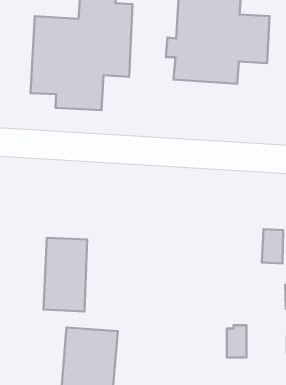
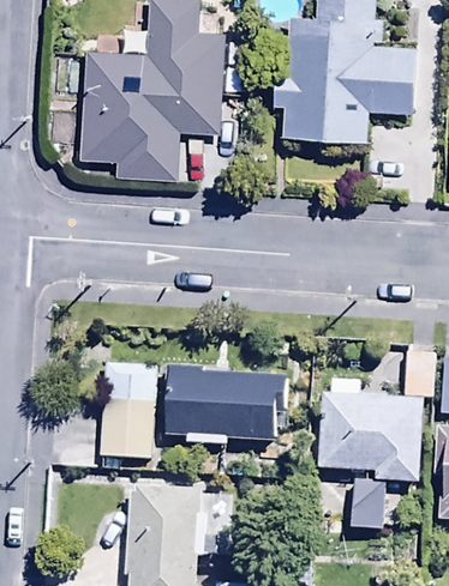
building: none -> [167,361,286,446]
building: none -> [319,375,424,479]

